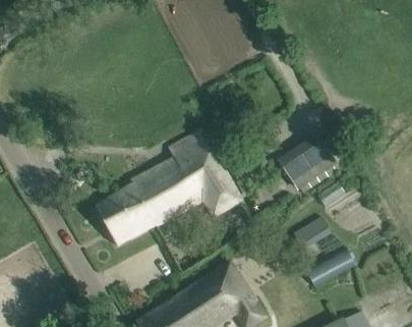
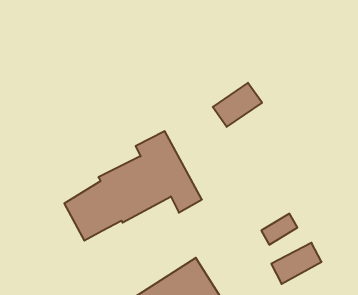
building: [284,144,334,188] -> [213,83,262,127]

